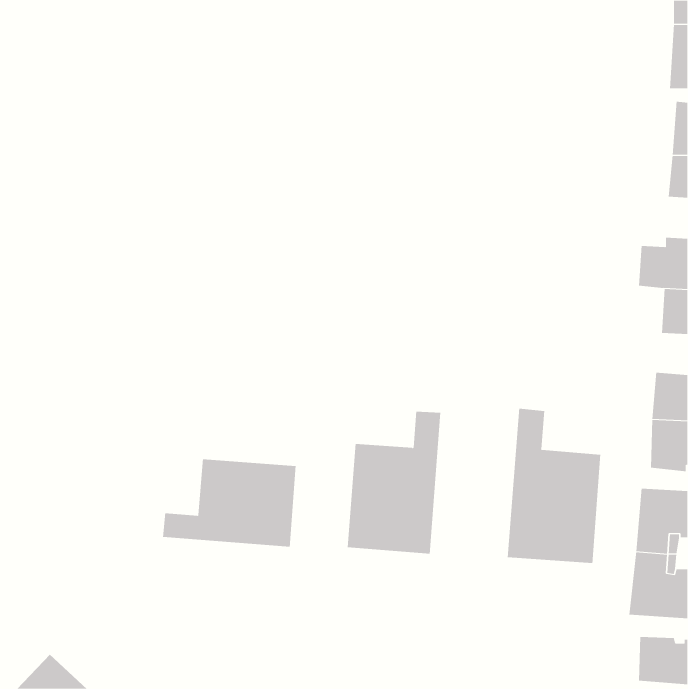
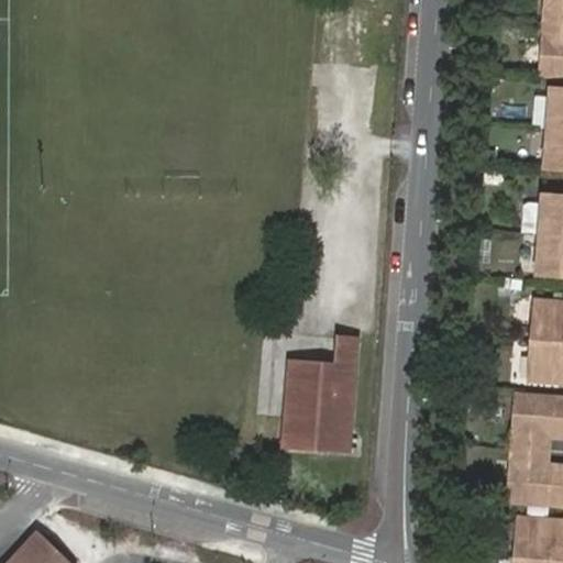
building: [507,408,601,564] -> none
building: [162,458,296,547] -> none

